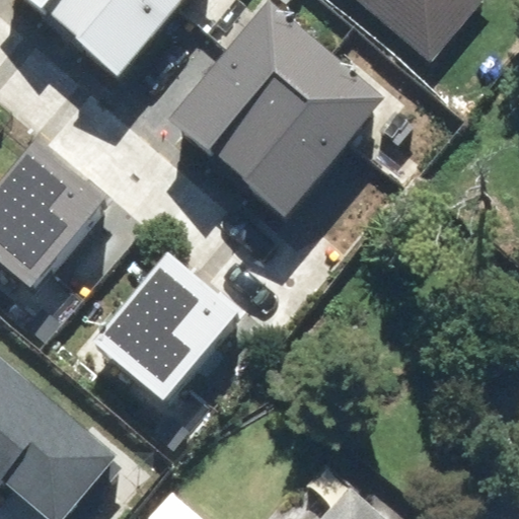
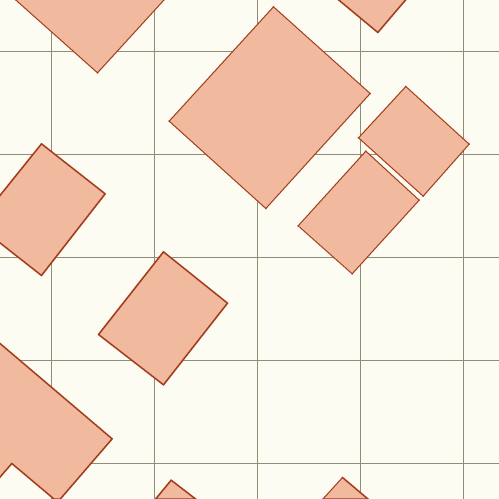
building: none -> [359,87,469,196]
building: none -> [298,151,419,274]

